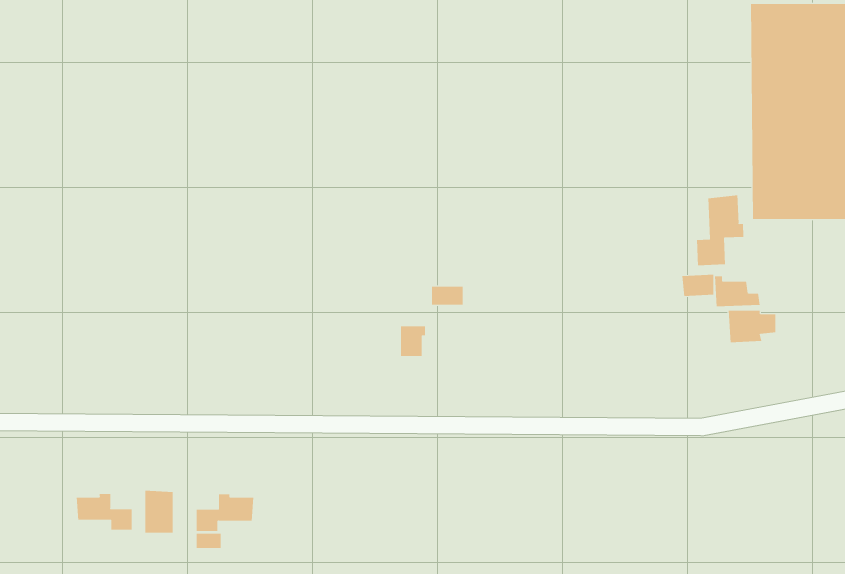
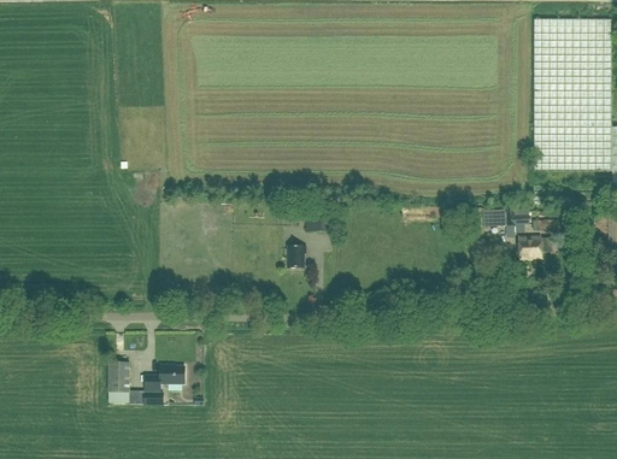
building: [697,195,744,266] -> none
building: [76,493,132,531] -> none

